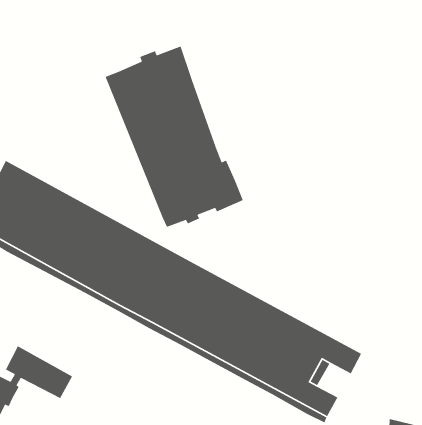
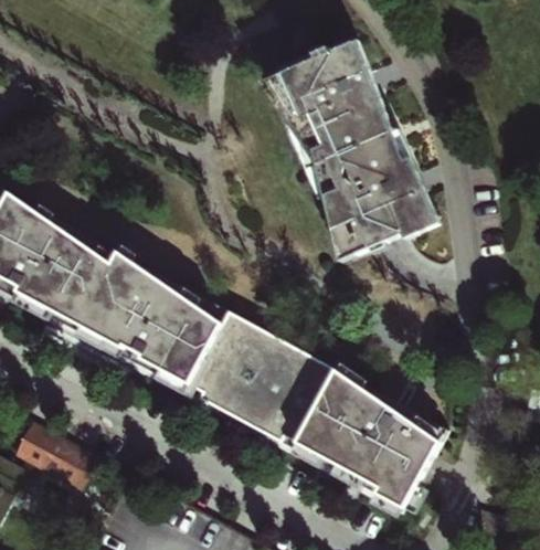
building: [104,46,244,228] -> [268,33,437,254]

